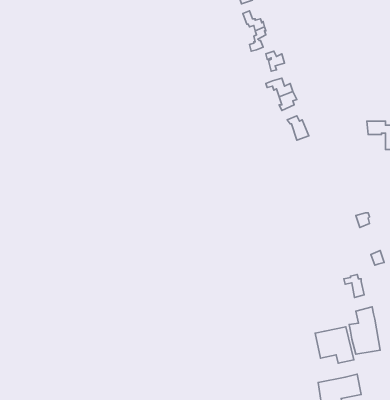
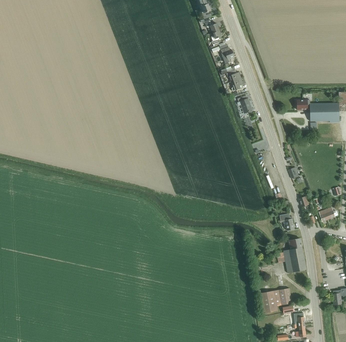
building: [315,327,354,363] -> none

